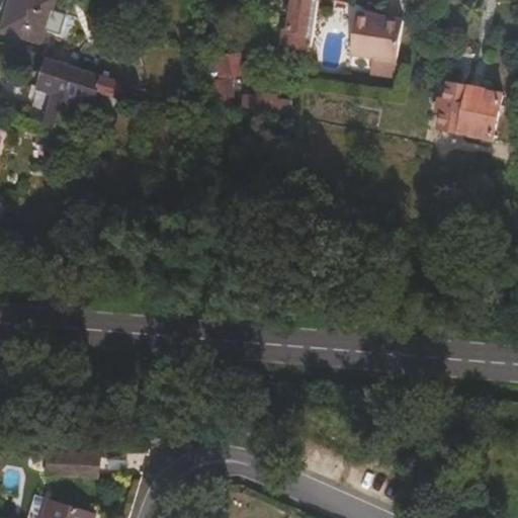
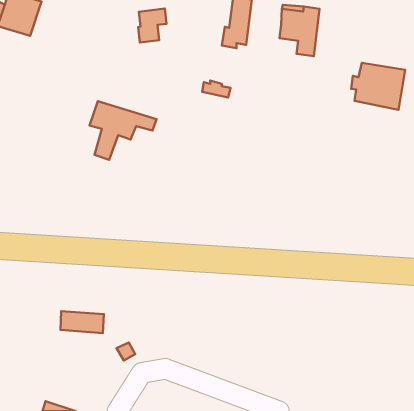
building: [36,62,119,135] -> [90,101,156,160]
building: [211,65,247,107] -> [138,8,167,43]
building: [48,450,101,478] -> [60,311,104,333]

